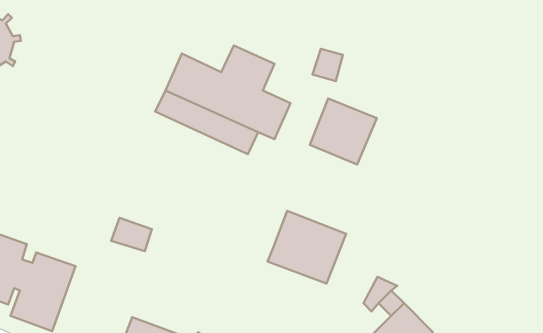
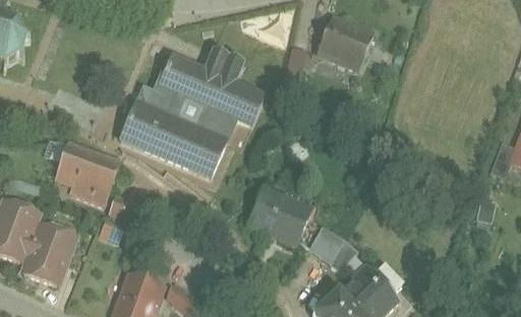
building: [310,99,377,165] -> [317,11,377,69]
building: none -> [119,94,228,176]
building: none -> [55,138,122,197]
building: none -> [311,234,342,267]

